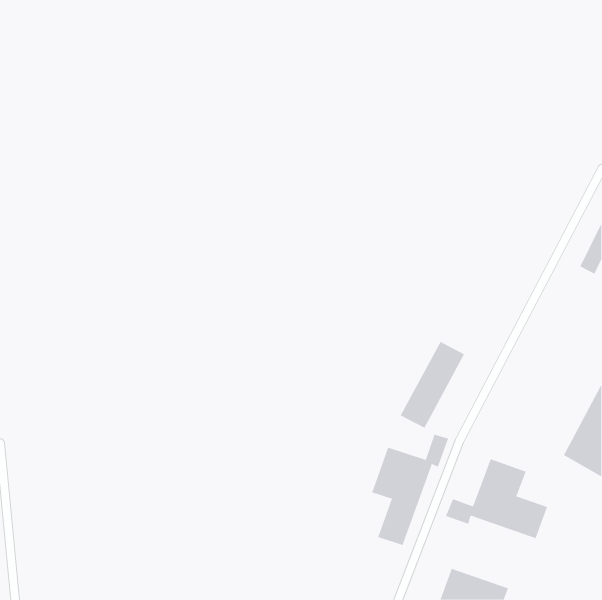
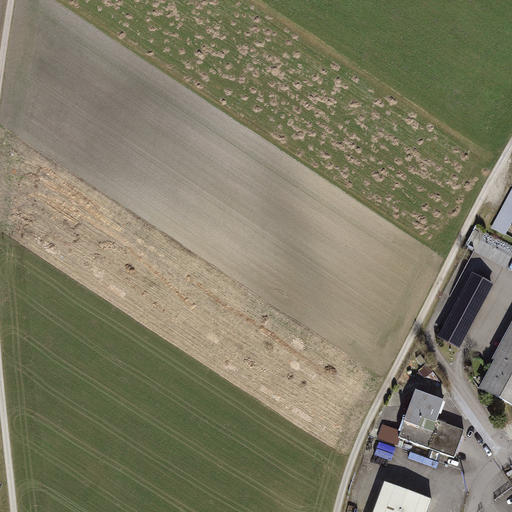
building: [400,341,465,428] -> [439,272,494,346]
building: [371,434,449,546] -> none

